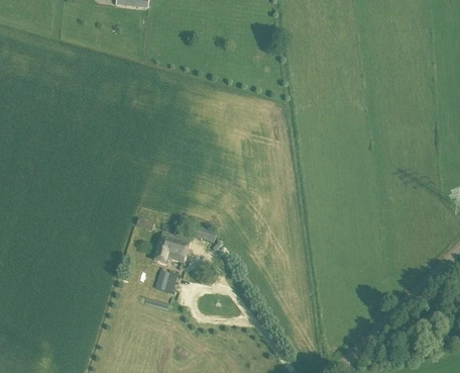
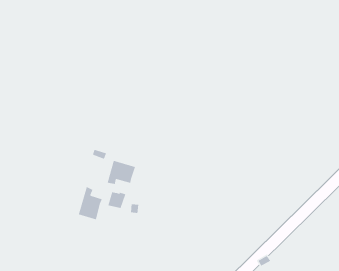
building: none -> [78,186,102,220]

